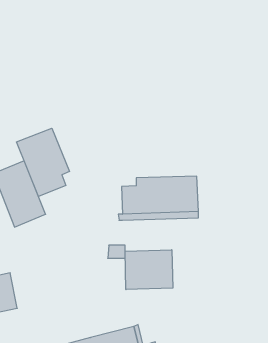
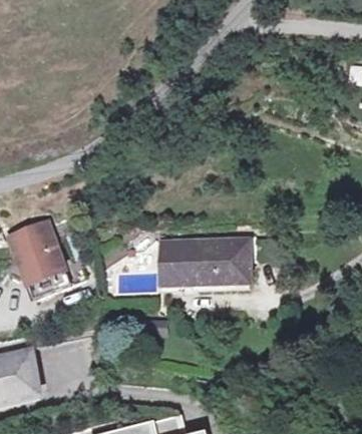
building: [17,128,69,196] -> none
building: [125,250,173,290] -> none

